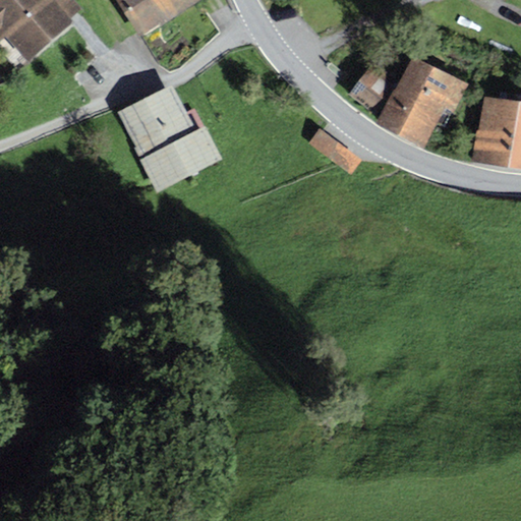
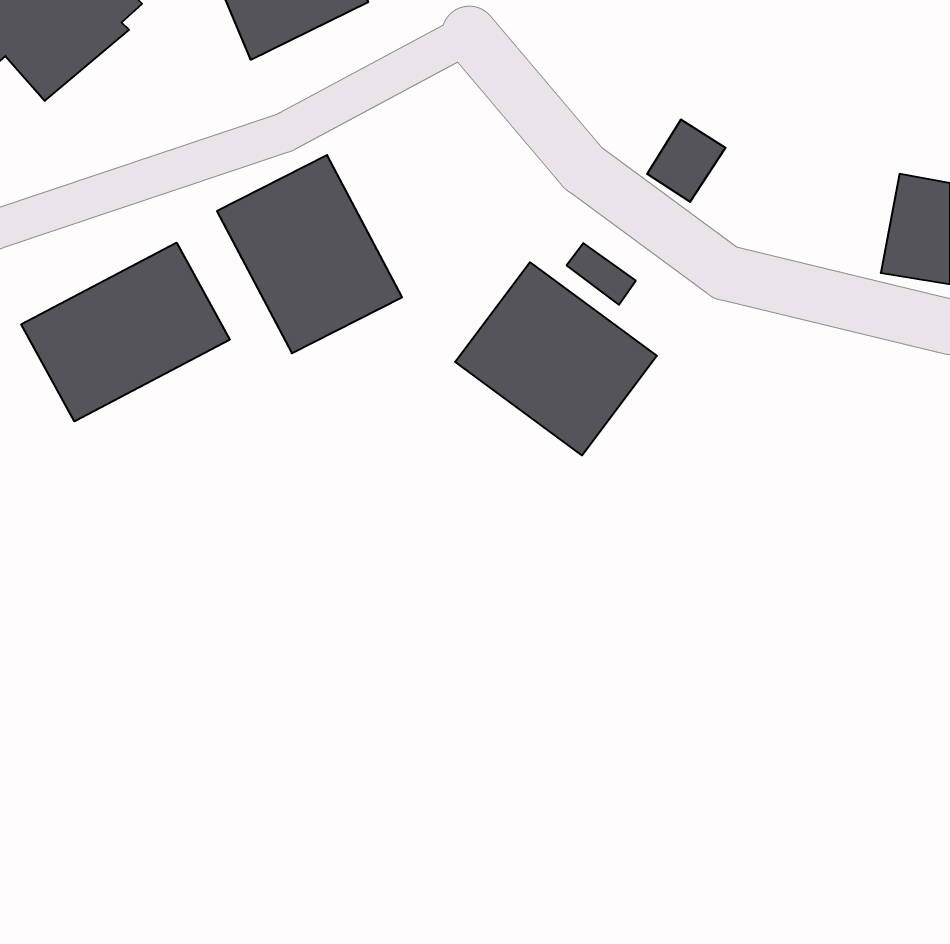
building: [381,56,453,135] -> none
building: none -> [21,243,230,421]
building: none -> [455,262,657,455]

